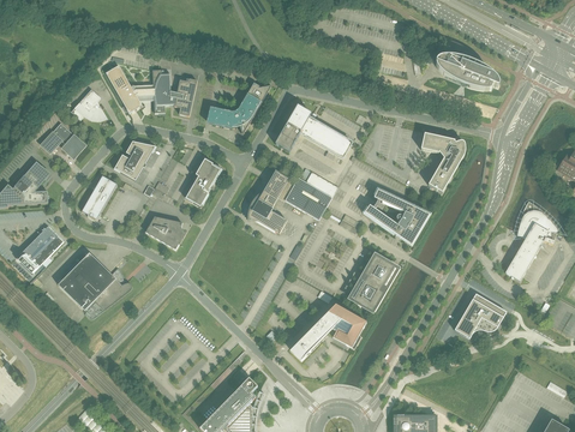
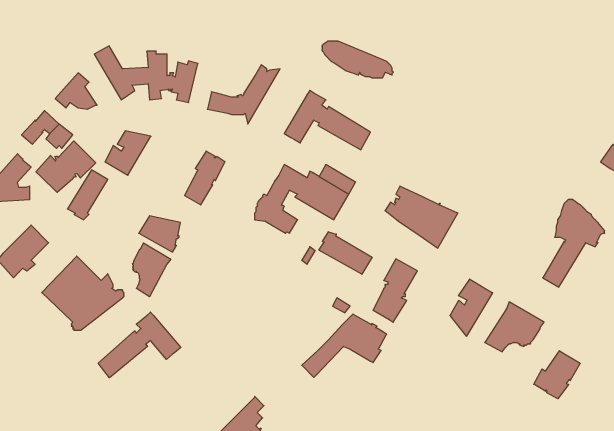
building: [435,56,498,89] -> [322,41,393,78]
building: [420,133,465,192] -> none
building: none -> [36,141,96,192]
building: none -> [319,232,372,274]
building: none -> [132,243,171,297]
building: none -> [450,279,493,336]
building: none -> [98,312,181,378]
building: none -> [534,351,580,399]

